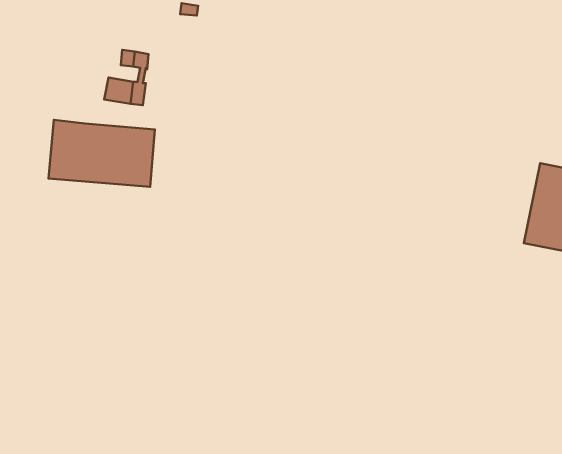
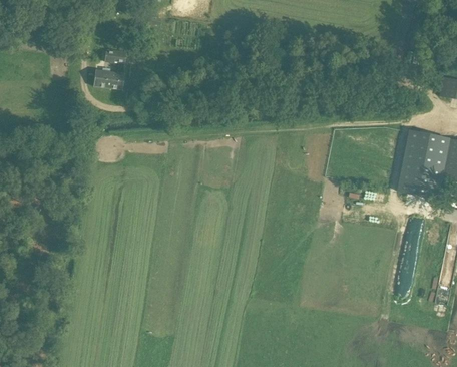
building: [48,120,155,187] -> none

